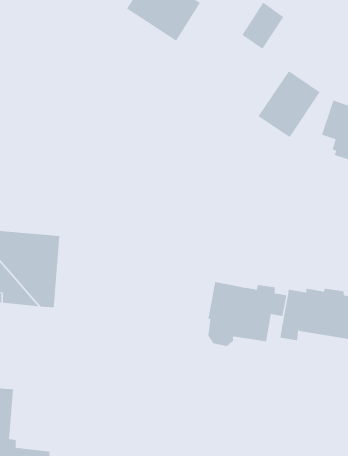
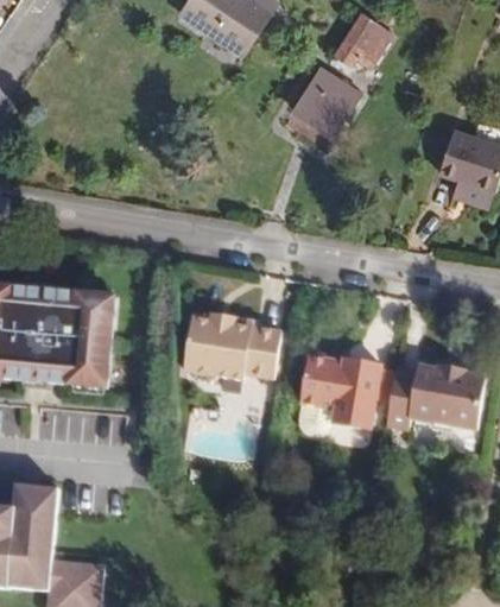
building: [257,71,320,138] -> [281,63,359,145]
building: none -> [182,315,279,379]

